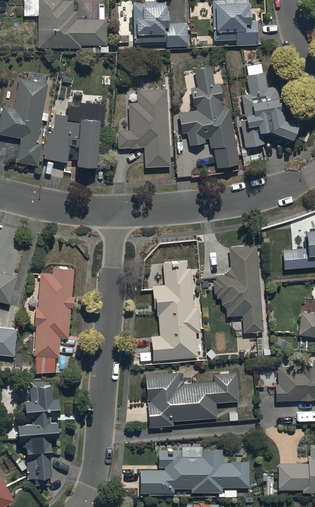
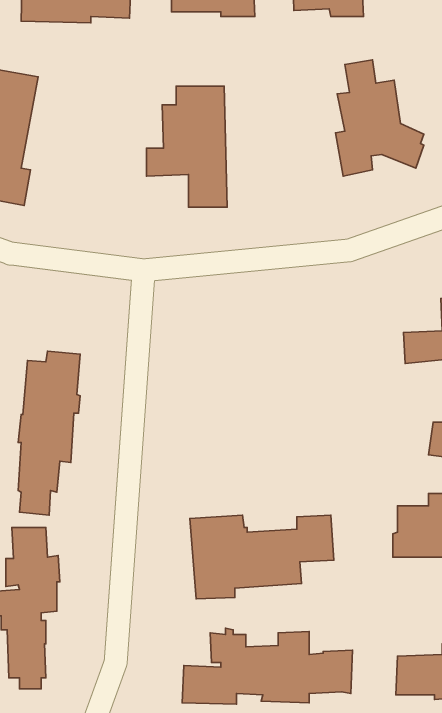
building: [179,72,239,174] -> none
building: [44,107,106,174] -> none
building: [213,244,263,331] -> none
building: [151,261,201,360] -> none

